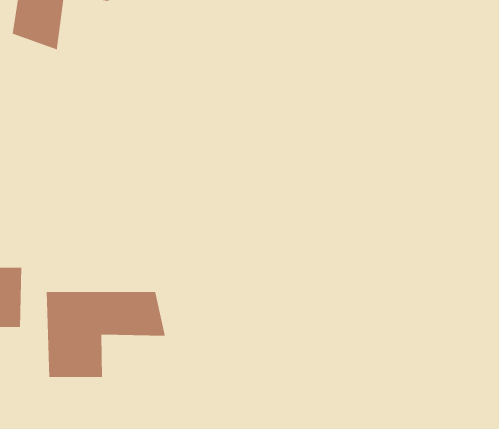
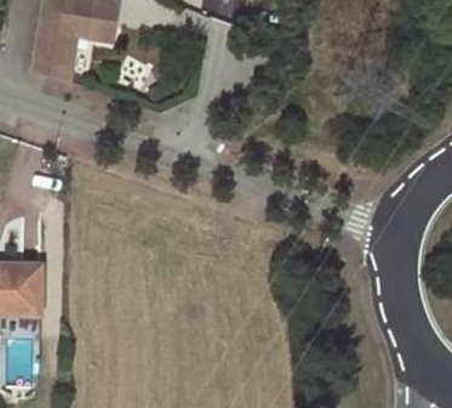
building: [46,291,166,378] -> none

